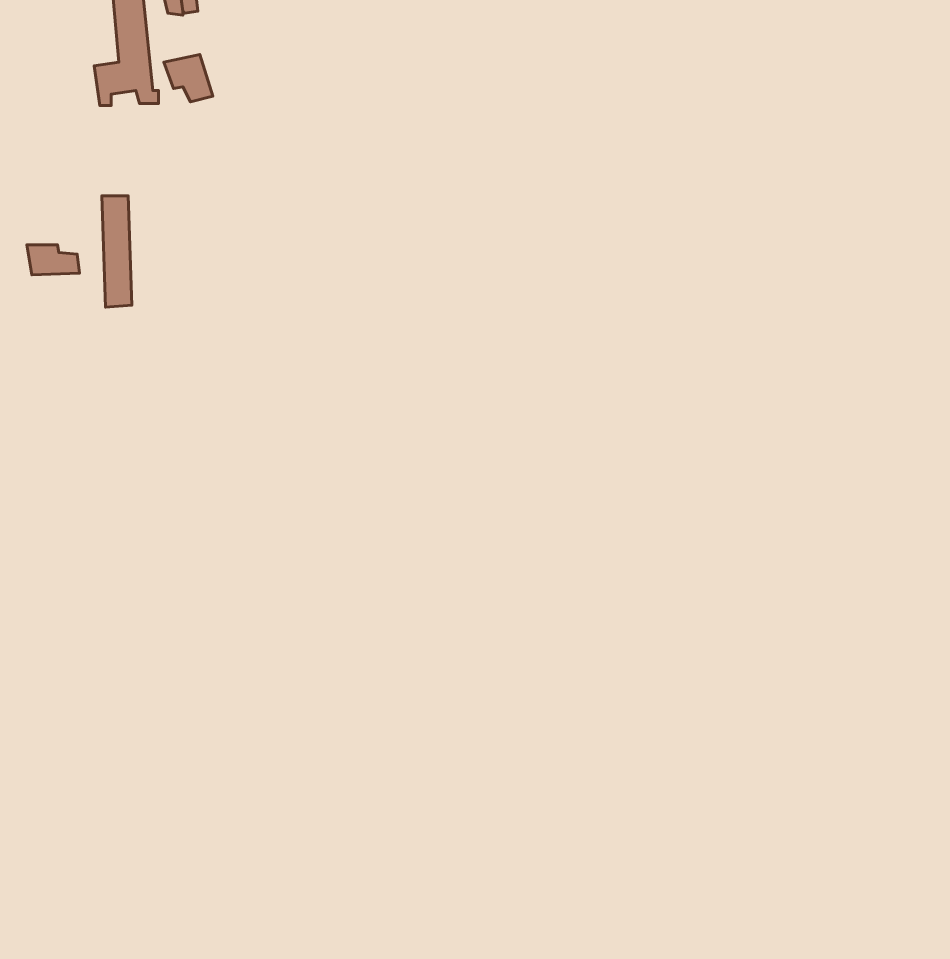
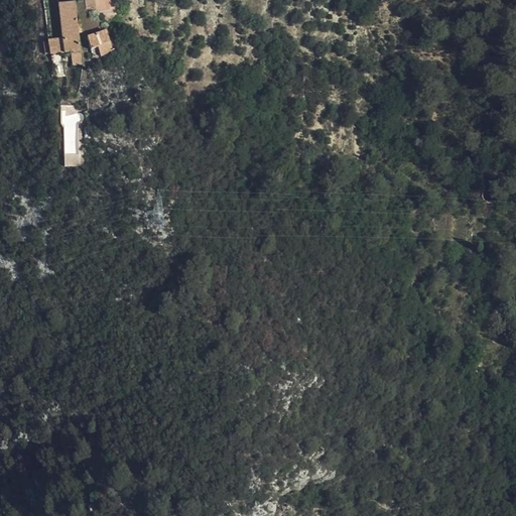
building: [27,245,79,275] -> none

